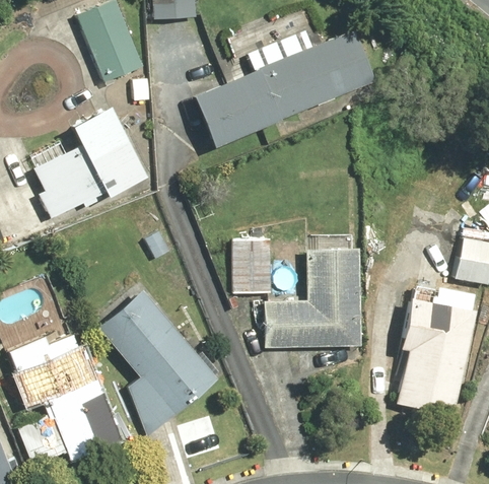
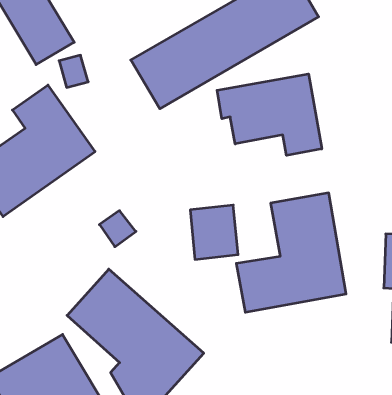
building: none -> [217,74,322,155]

